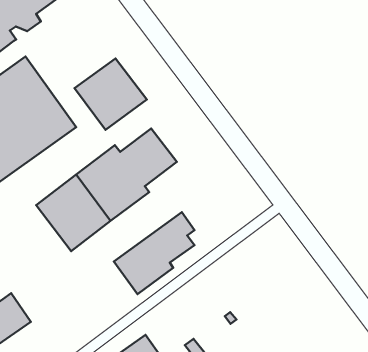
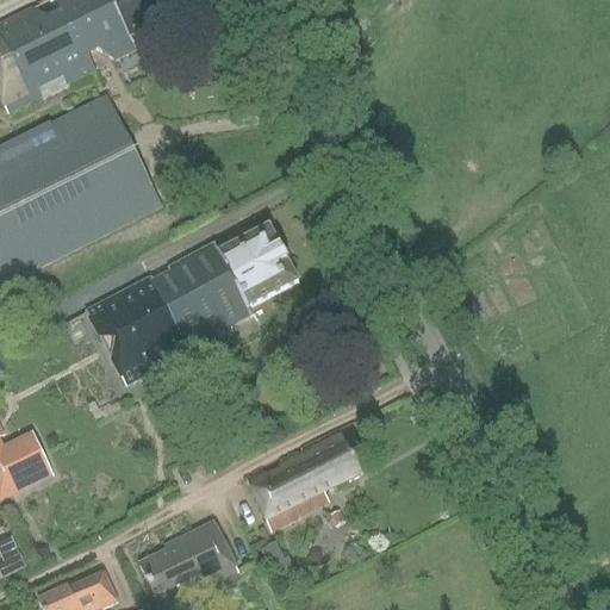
building: [75,59,147,130] -> none
building: [114,212,195,294] -> [244,422,367,529]

